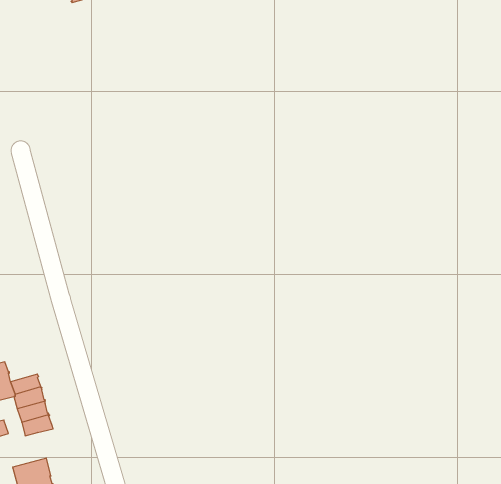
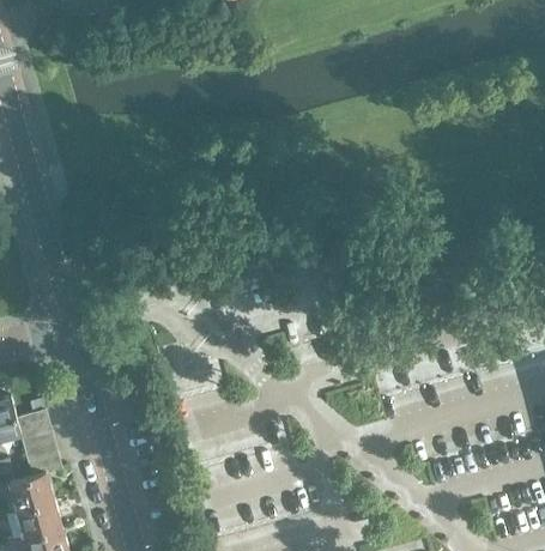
building: none -> [7,468,52,505]

